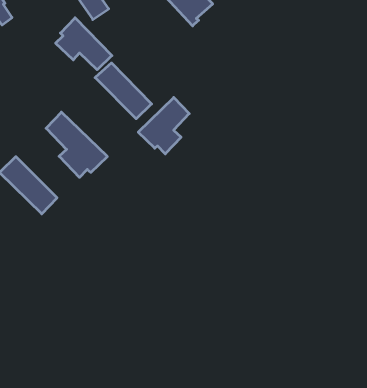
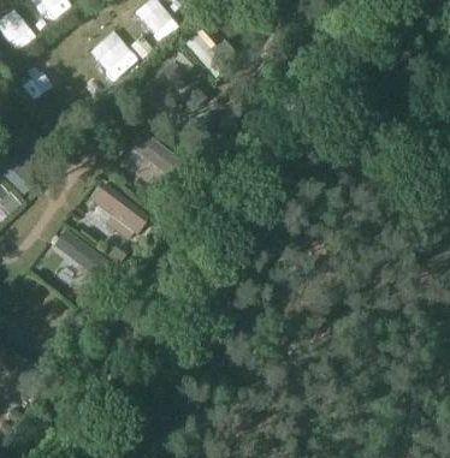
building: [56,18,112,70] -> none
building: [138,97,189,154] -> none

